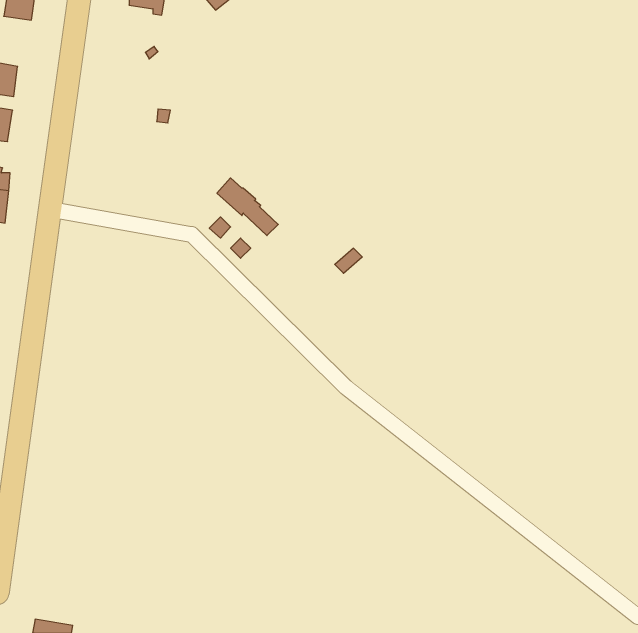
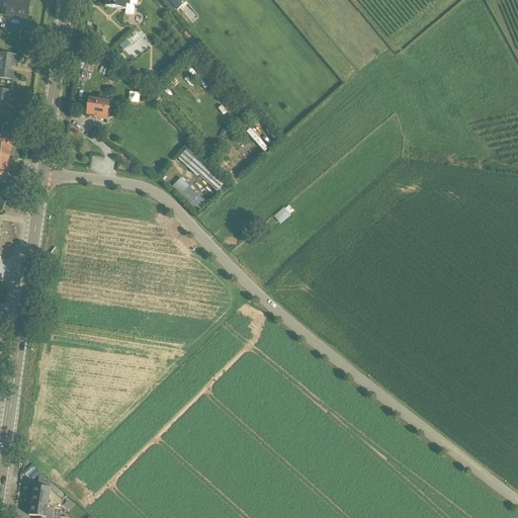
building: none -> [85,96,112,116]
building: none -> [28,483,61,505]

